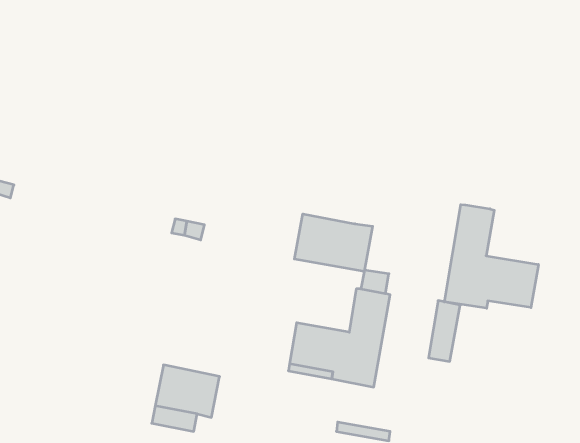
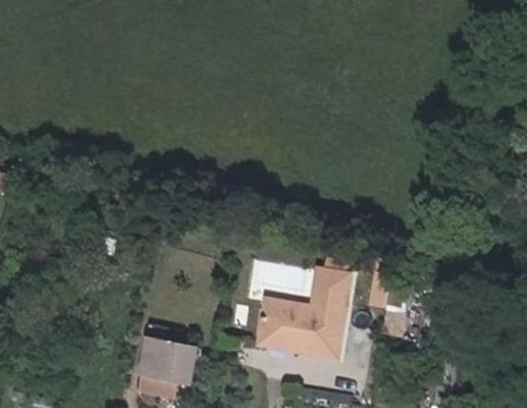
building: [444,205,538,308] -> none
building: [294,214,373,271] -> none

